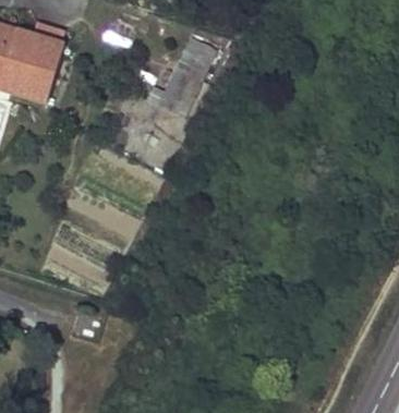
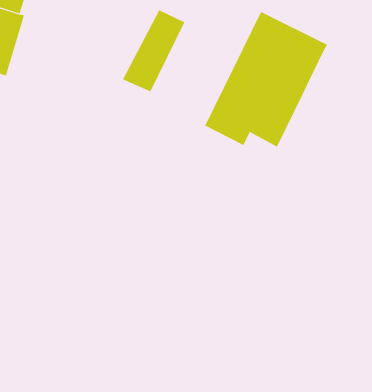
building: none -> [205,11,328,147]

